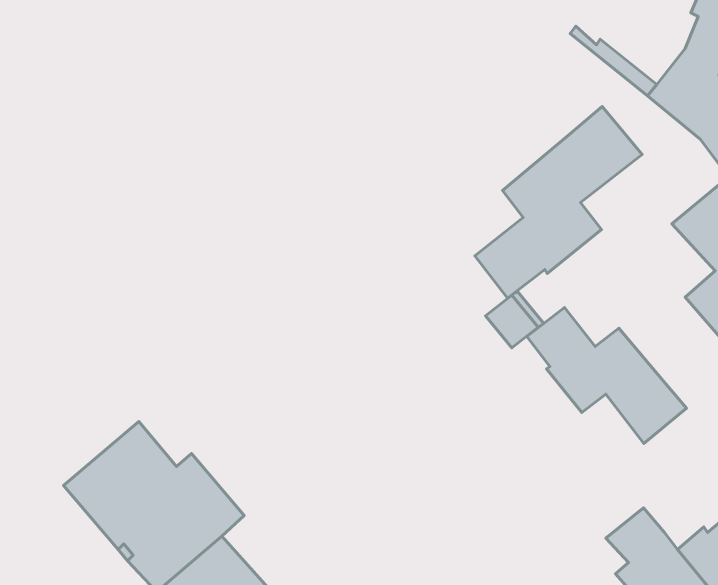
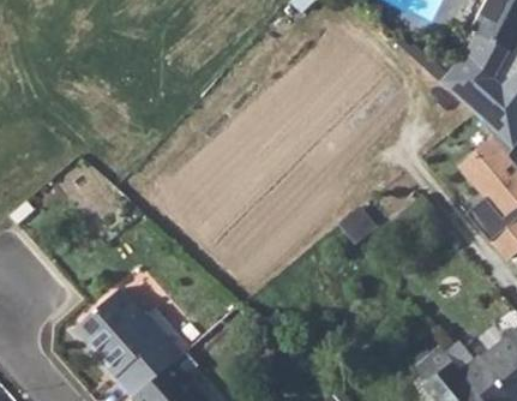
building: [475,107,642,298] -> none
building: [527,308,687,444] -> none

